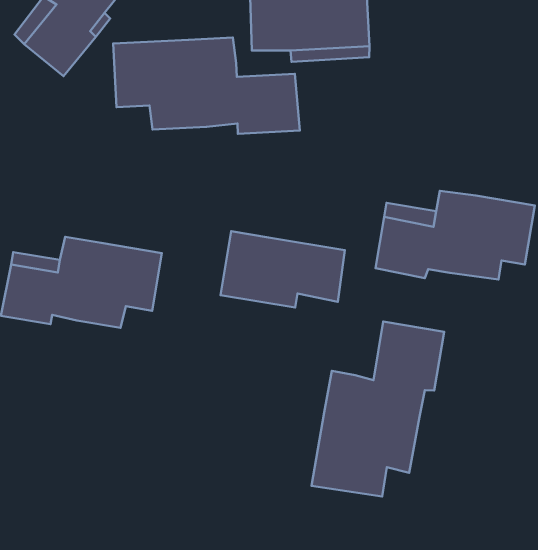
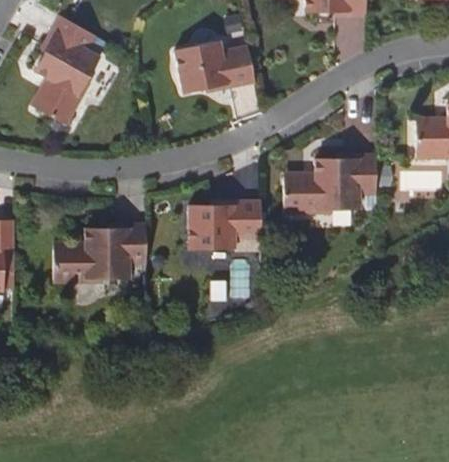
building: [113,37,300,134] -> none
building: [312,321,444,497] -> none

